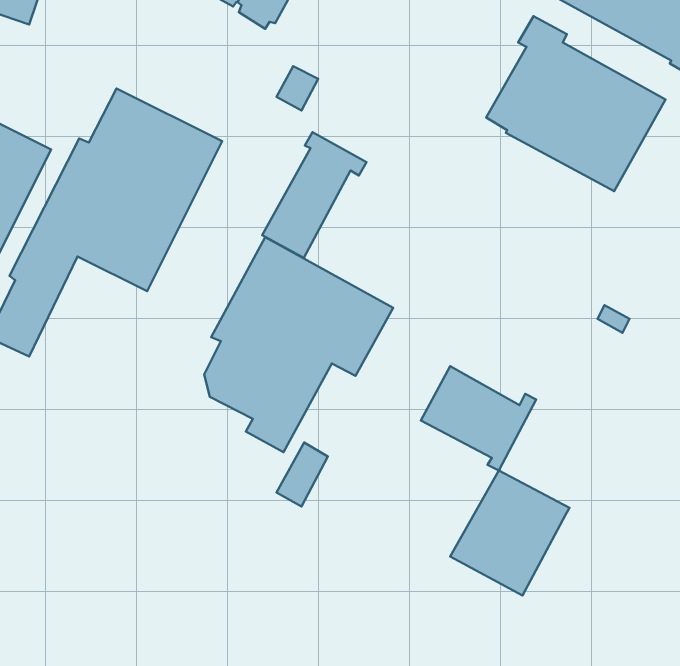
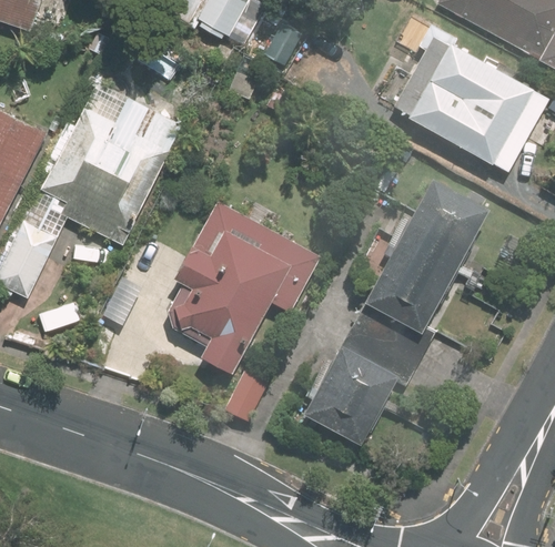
building: [262,132,367,258] -> none
building: none -> [365,179,490,335]
building: [450,470,570,595] -> [303,347,398,447]

